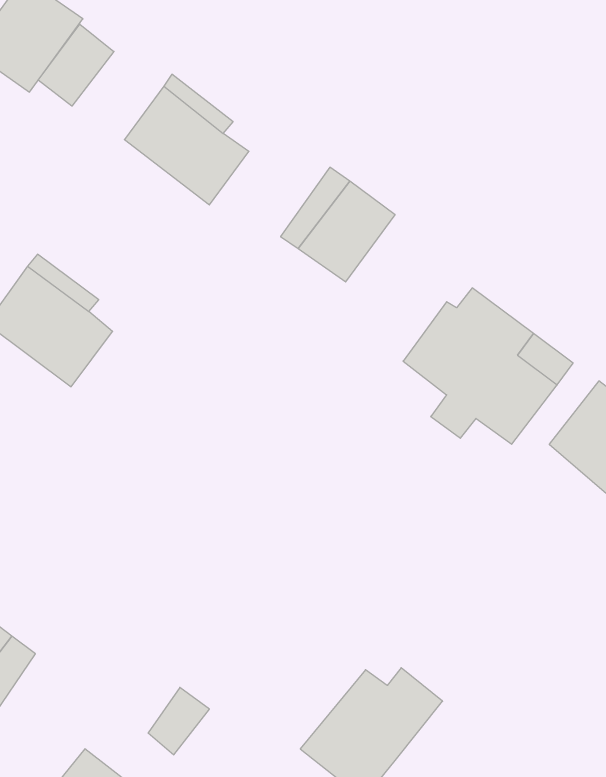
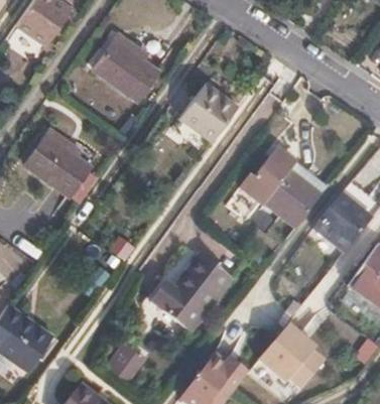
building: [38,24,114,106] -> none
building: none -> [144,255,228,335]
building: none -> [261,321,326,384]

